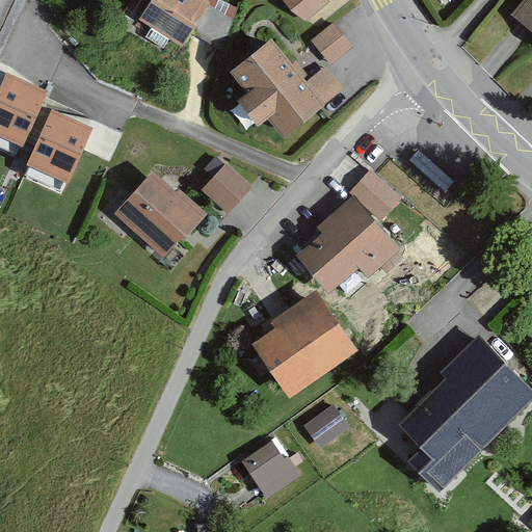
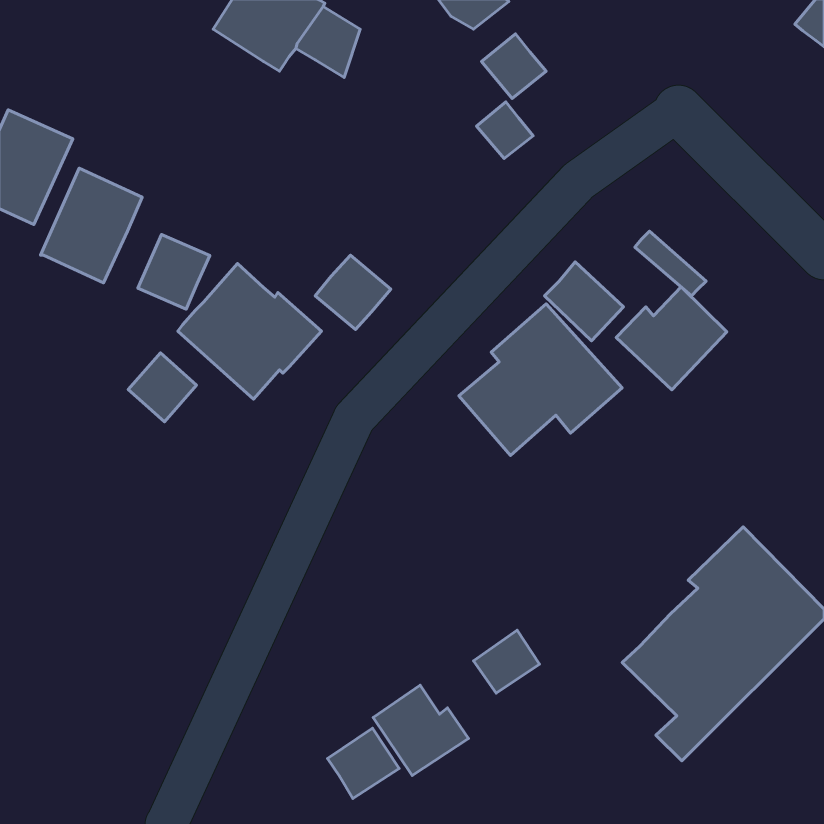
building: [230,39,321,135] -> none
building: none -> [138,235,210,309]
building: none -> [616,287,727,390]
building: none -> [128,353,197,422]
building: [250,290,357,398] -> none
building: none -> [327,728,399,799]

